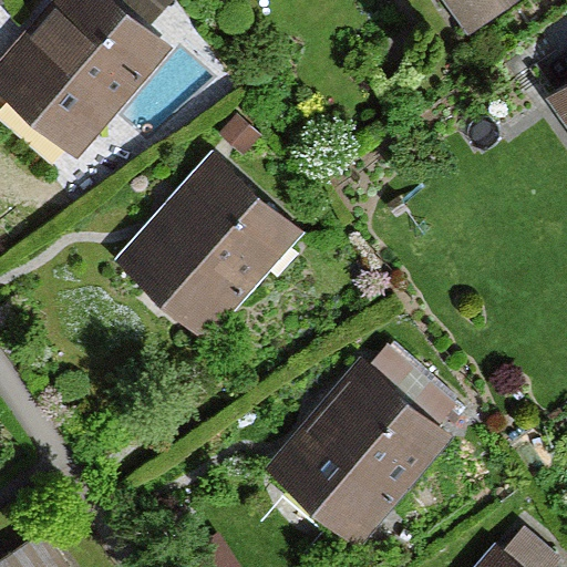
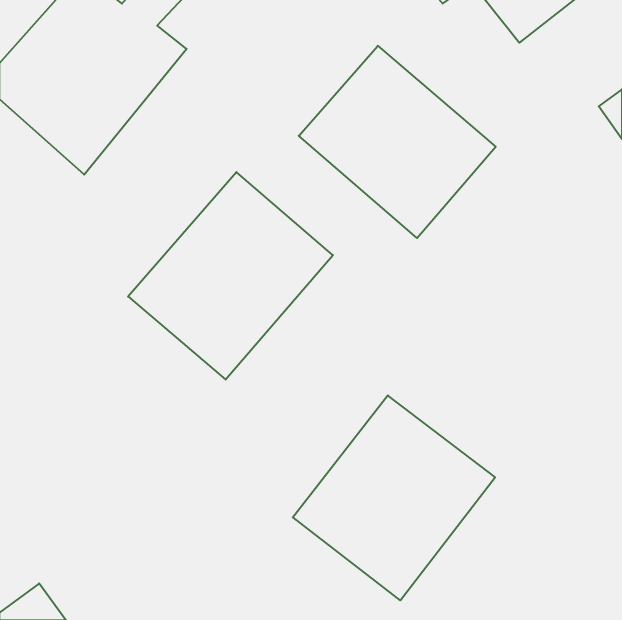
building: none -> [299,46,496,238]

